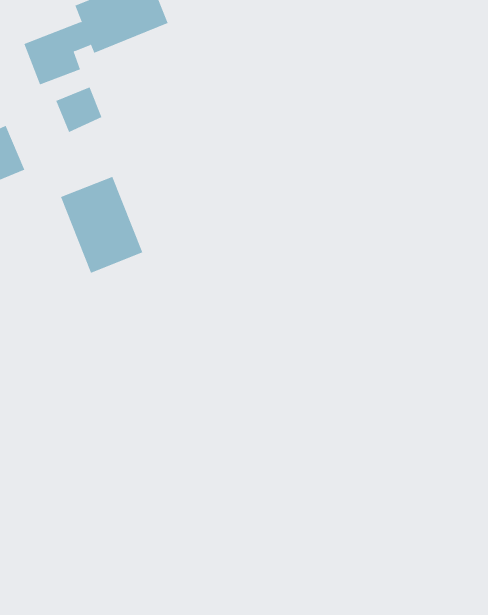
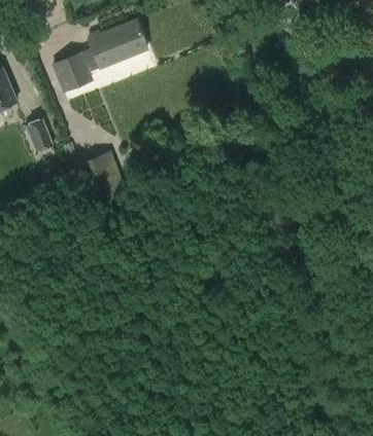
building: [55,87,102,133] -> none

